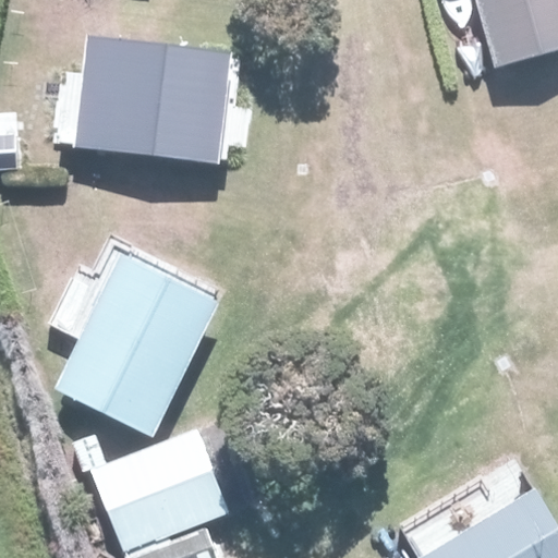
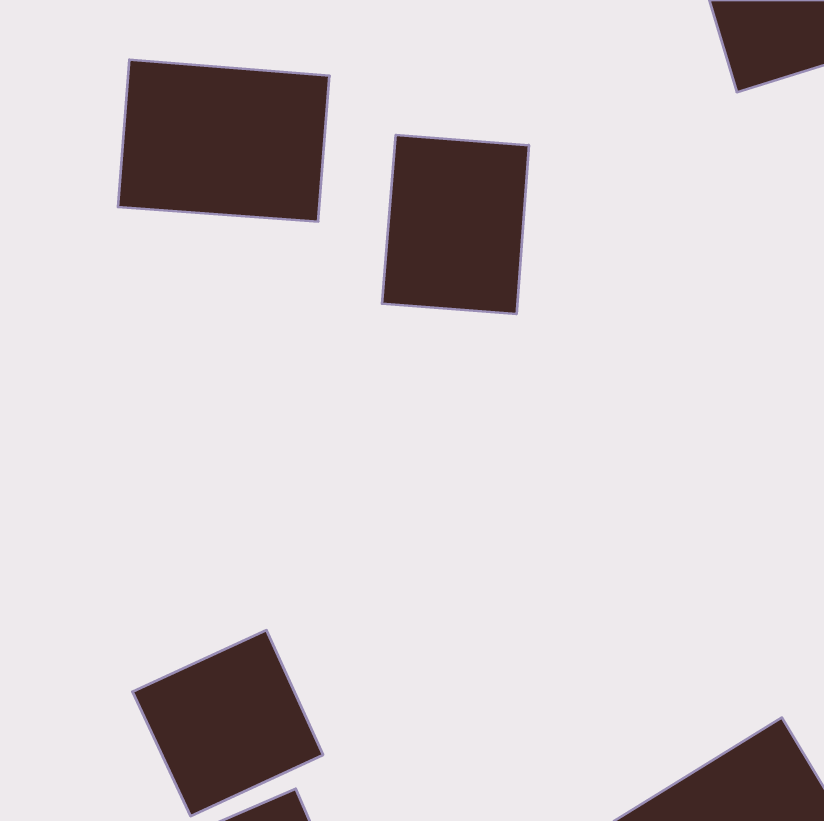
building: none -> [382,135,529,314]
building: [56,253,219,436] -> none

